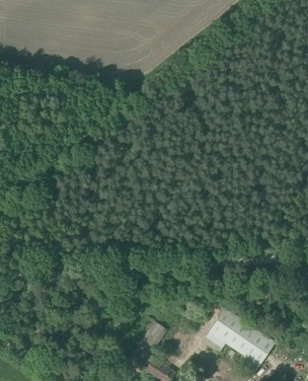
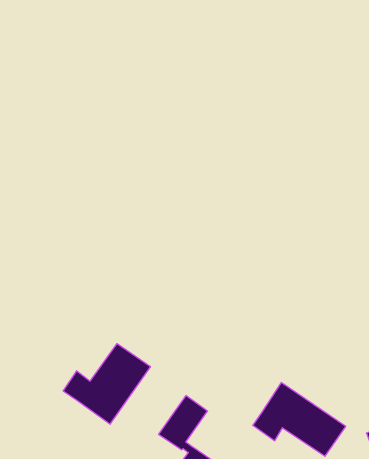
building: none -> [63,344,150,424]

